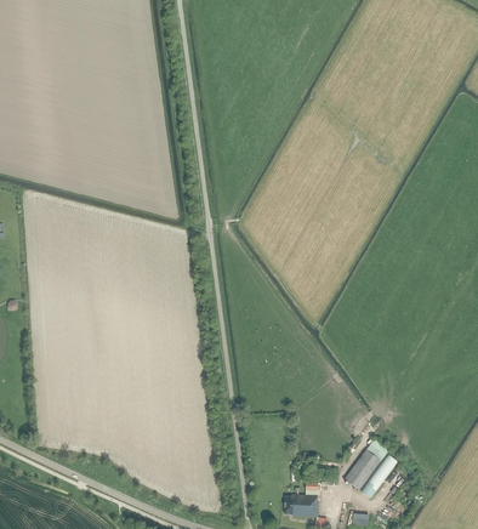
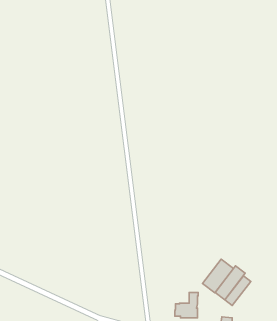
building: none -> [202,259,234,293]

